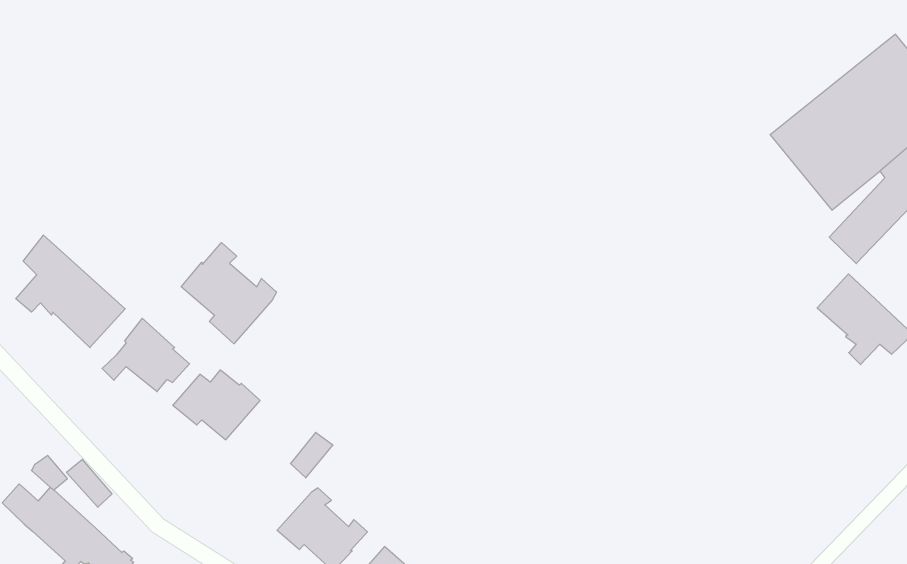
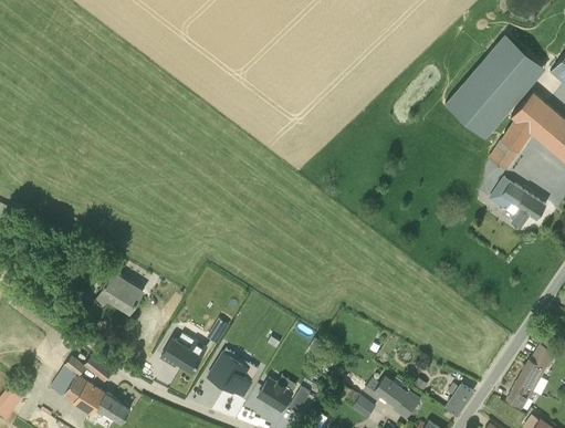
building: [16,235,125,348] -> none
building: [181,243,277,344] -> none
building: [173,370,260,440] -> [158,333,207,372]

